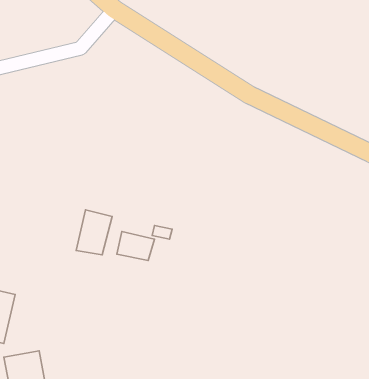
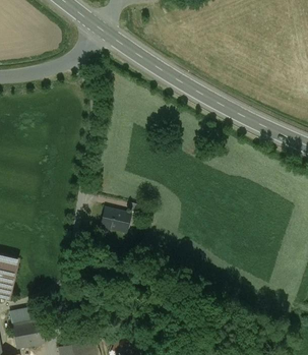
building: [76,210,112,255] -> none

